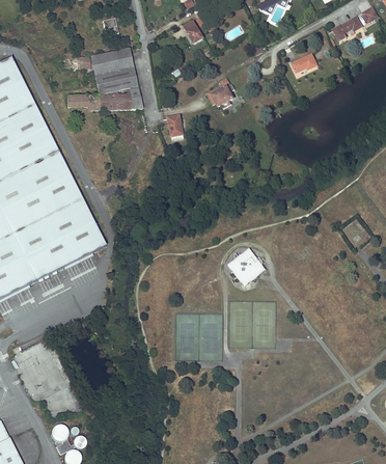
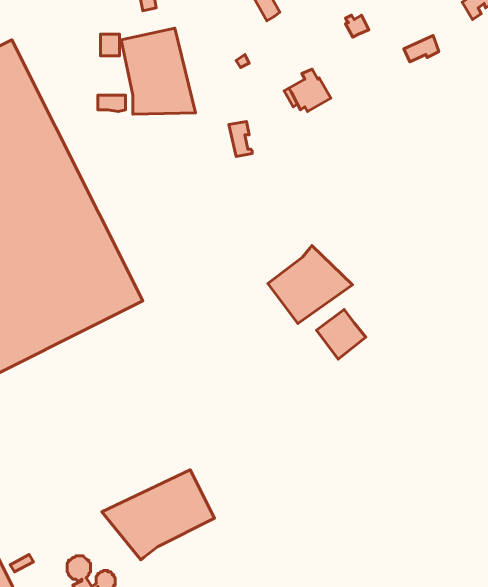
building: none -> [268,246,353,323]
building: none -> [102,470,214,560]

